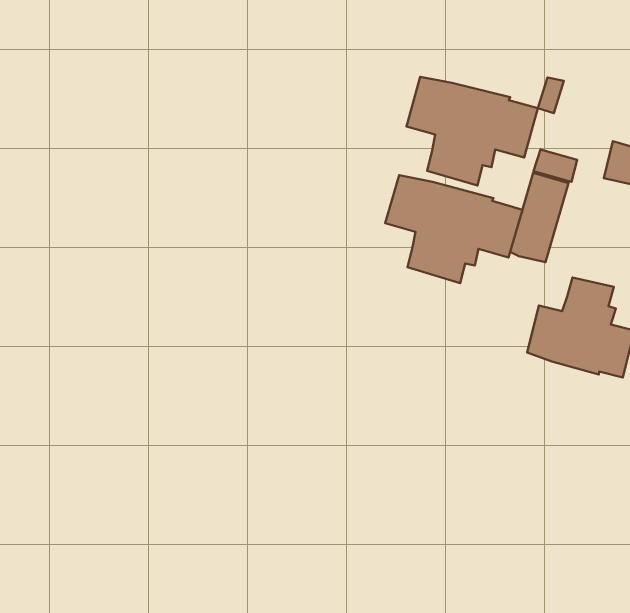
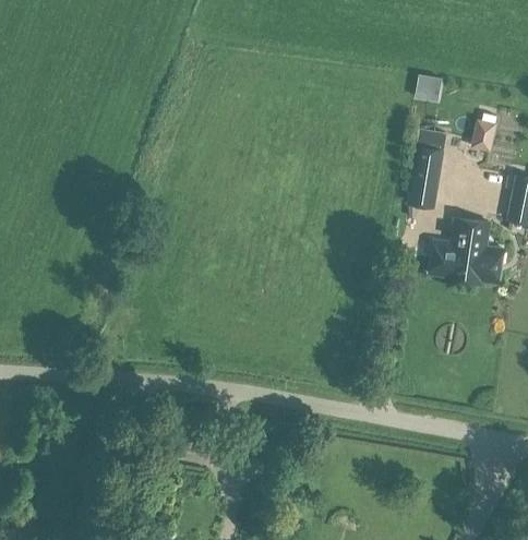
building: [406,77,538,185] -> none
building: [385,175,522,283] -> none

